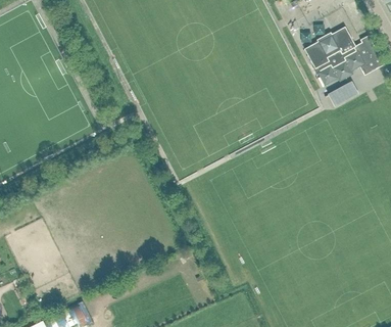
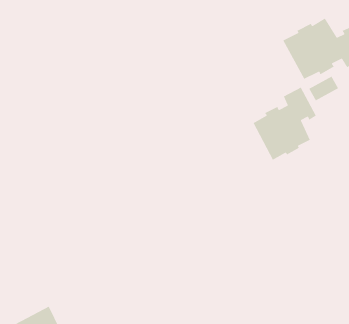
building: none -> [253,86,317,161]

